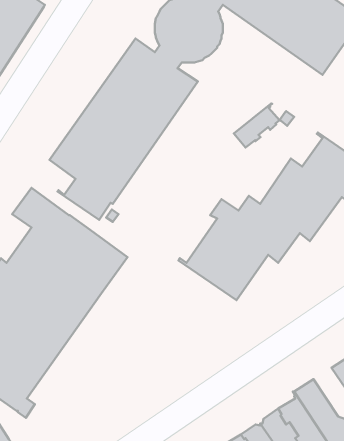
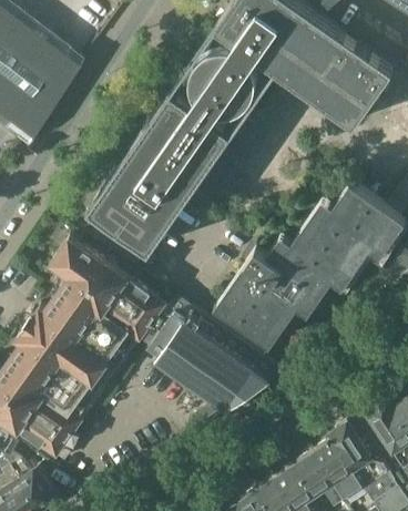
building: [234,103,279,148] -> none
building: none -> [139,296,282,413]

